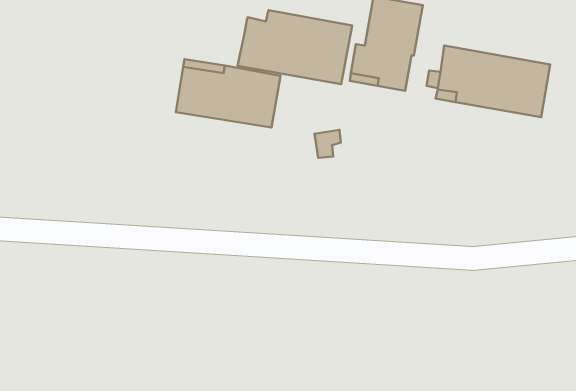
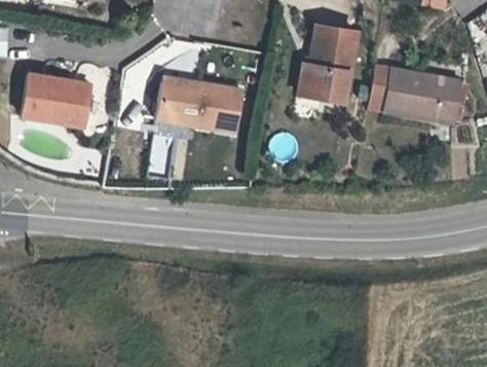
building: [238,10,352,84] -> none
building: none -> [21,73,90,126]

